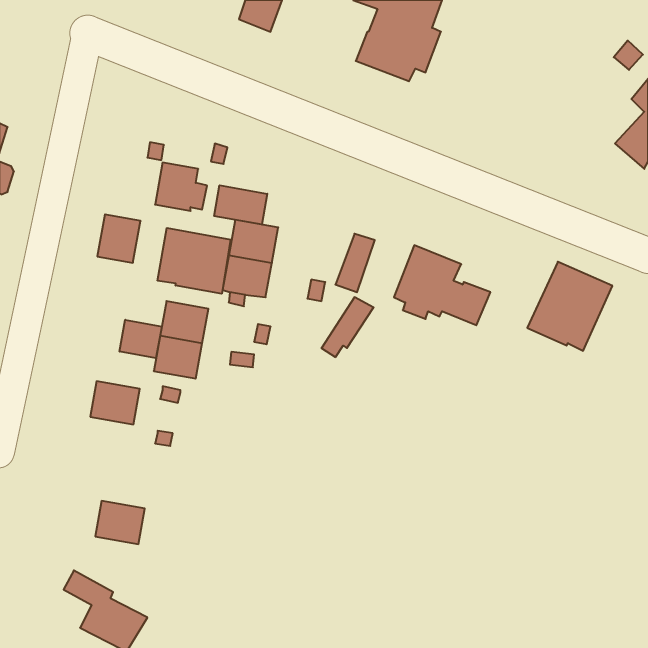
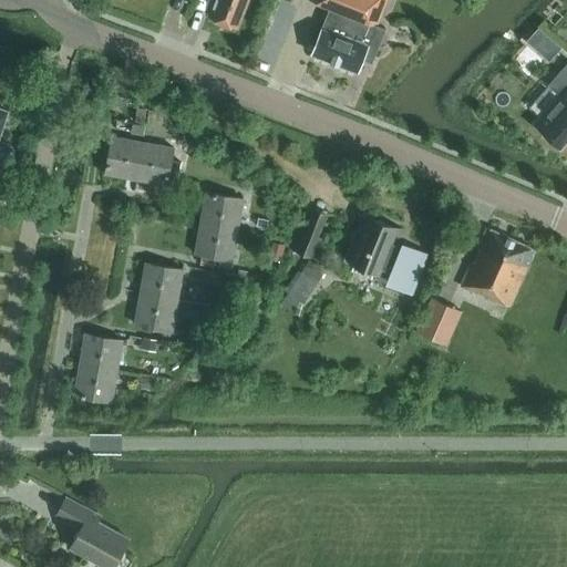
building: [214,185,267,225] -> none
building: [97,214,141,263] -> [104,137,142,179]
building: [158,228,231,294] -> none
building: [120,320,162,358] -> none
building: none -> [416,299,461,347]
building: [95,501,145,544] -> [73,364,116,402]

